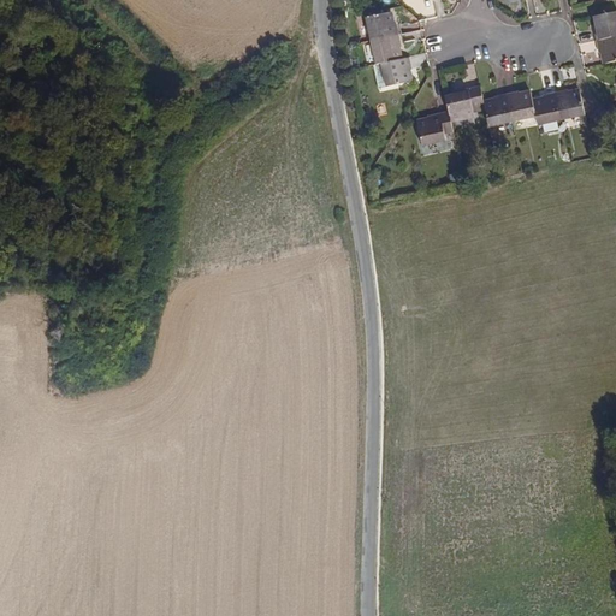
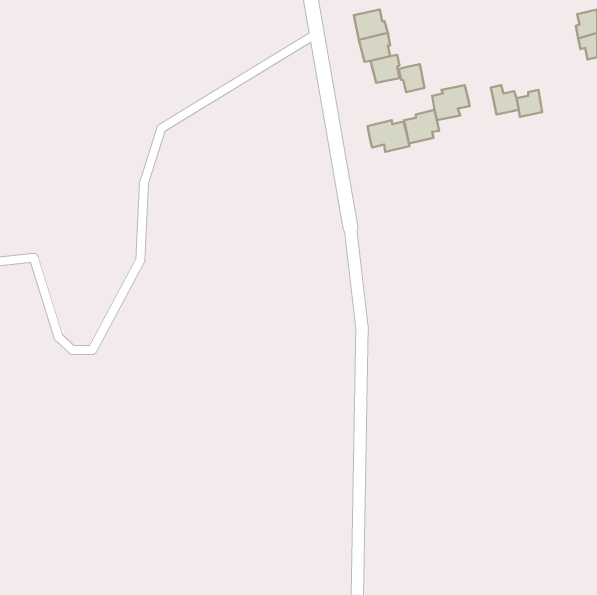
building: none -> [399,64,424,92]
building: [482,90,511,123] -> none
building: [555,90,584,116] -> none
building: none -> [367,120,409,152]

